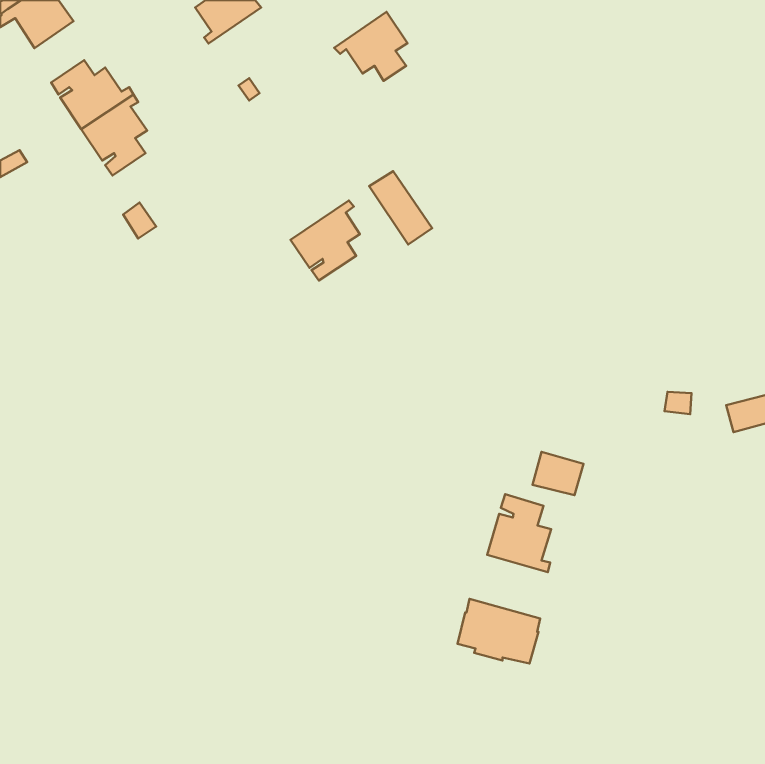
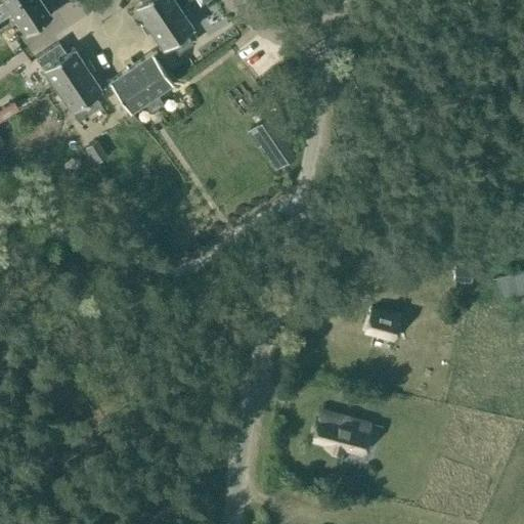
building: [334,12,408,81] -> [143,7,193,54]
building: none -> [110,53,172,114]
building: [291,200,360,280] -> none
building: [487,494,551,572] -> none

